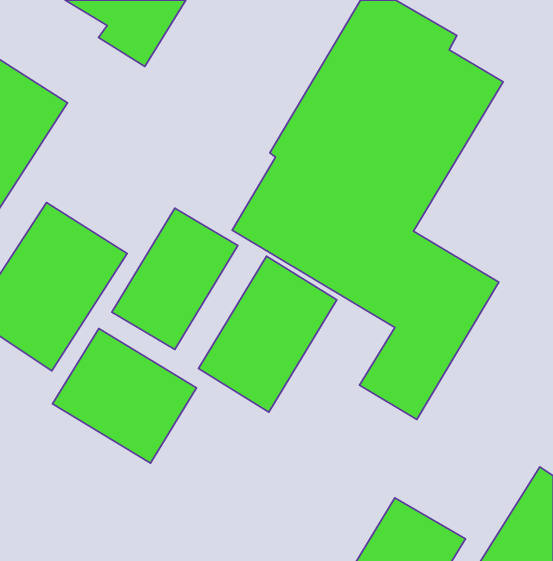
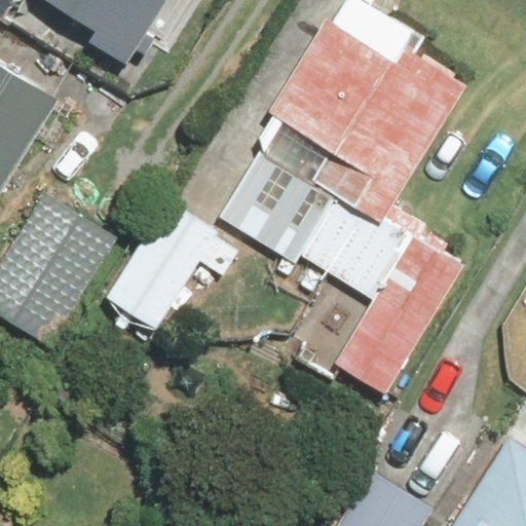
building: [198,256,337,412] -> none
building: [52,328,197,463] -> none

